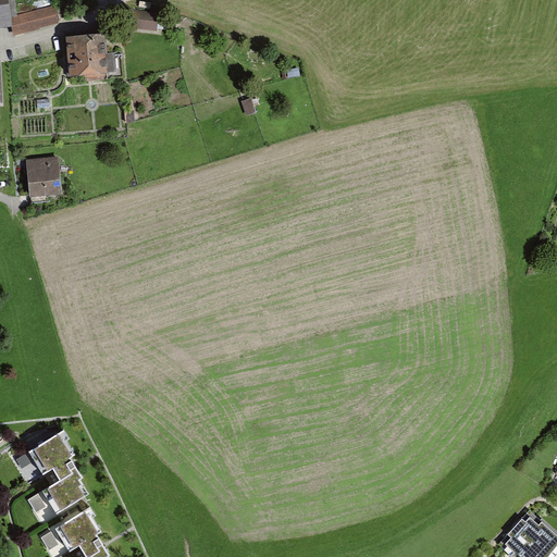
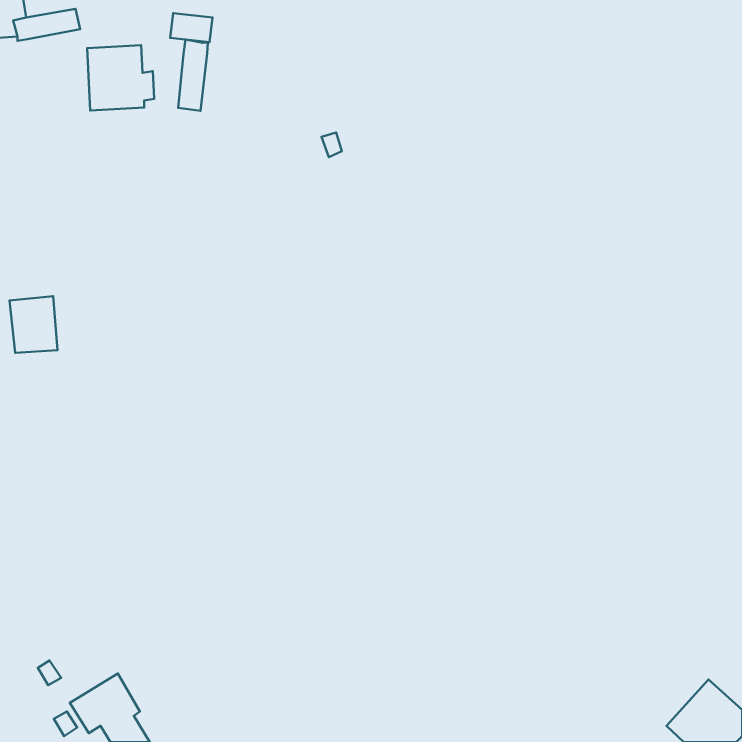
building: none -> [178,40,208,111]
building: [25,158,61,200] -> [9,296,57,353]
building: [25,428,87,513] -> none

